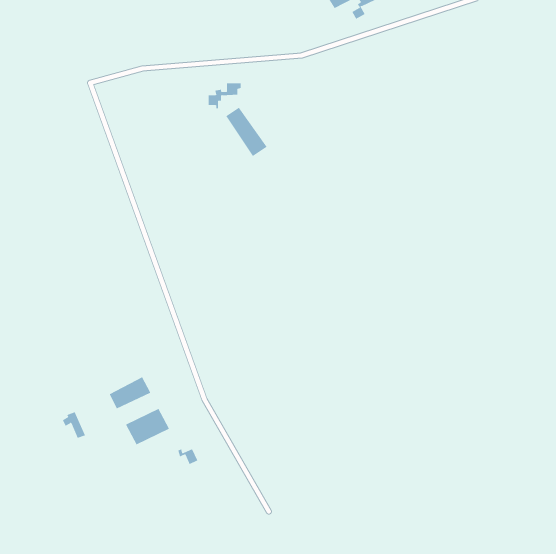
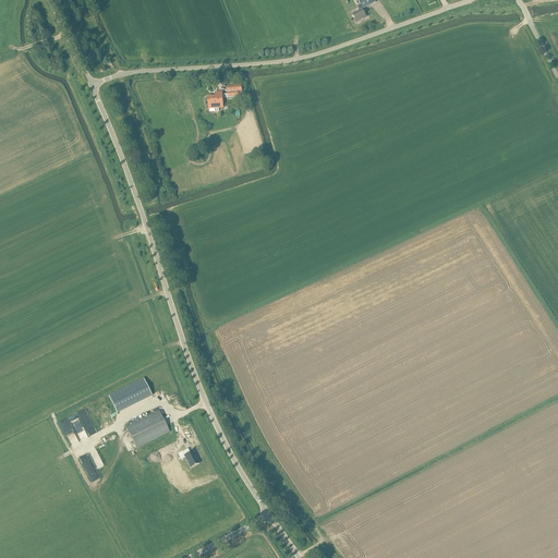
building: [226,107,268,157] -> none

